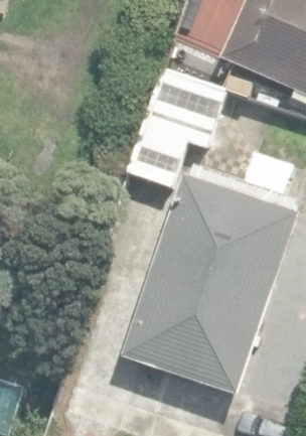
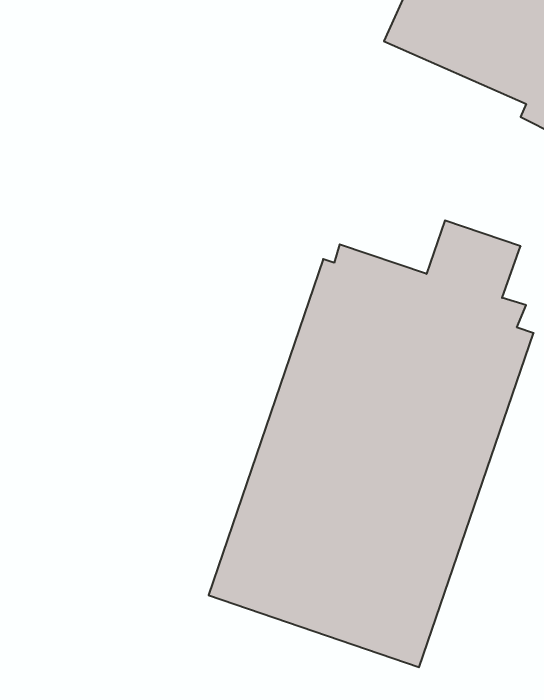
building: [129,71,221,183] -> none

